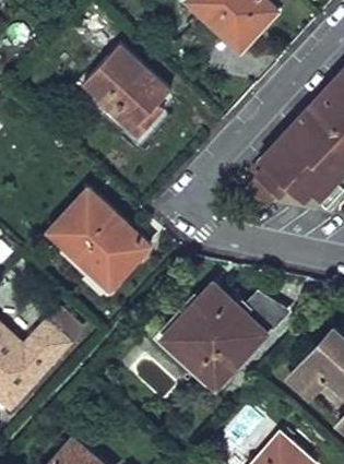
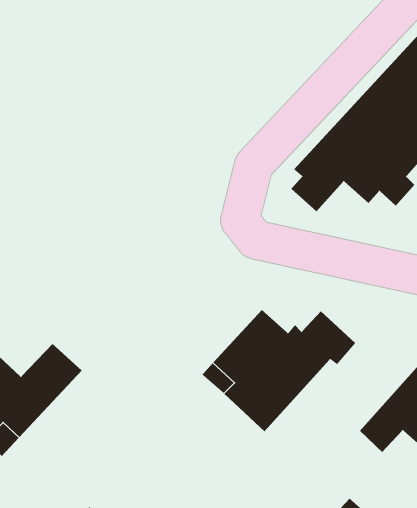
building: [78,50,164,141] -> none
building: [47,183,149,287] -> none

